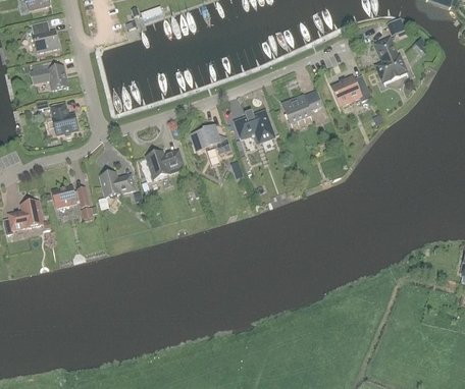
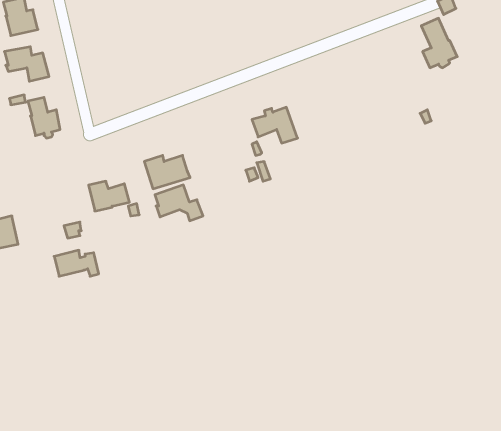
building: [331,74,372,105] -> none
building: [282,92,321,121] -> none
building: [192,124,231,154] -> [155,185,203,221]
building: [52,185,89,207] -> [54,250,99,276]

